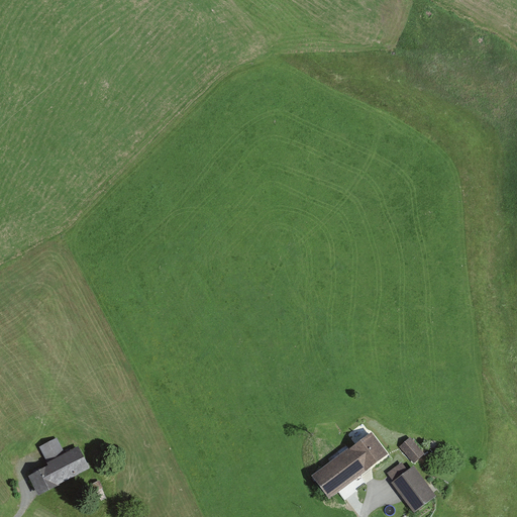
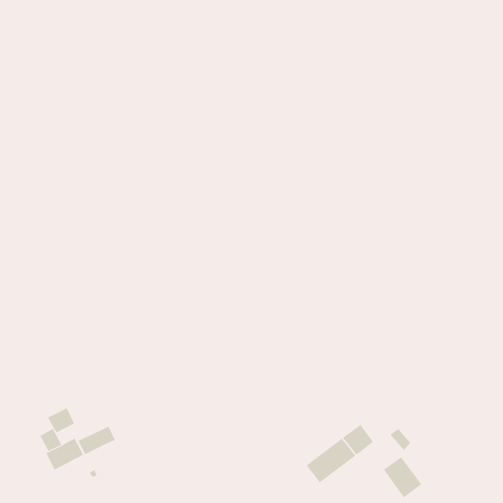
building: none -> [78,426,115,455]
building: [28,466,57,492] -> [47,408,75,433]

